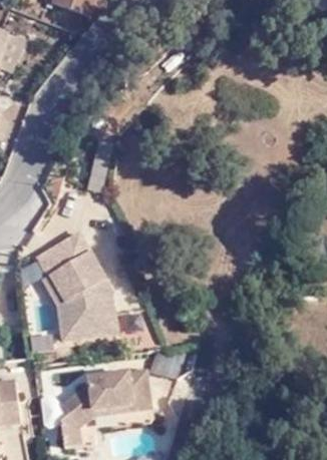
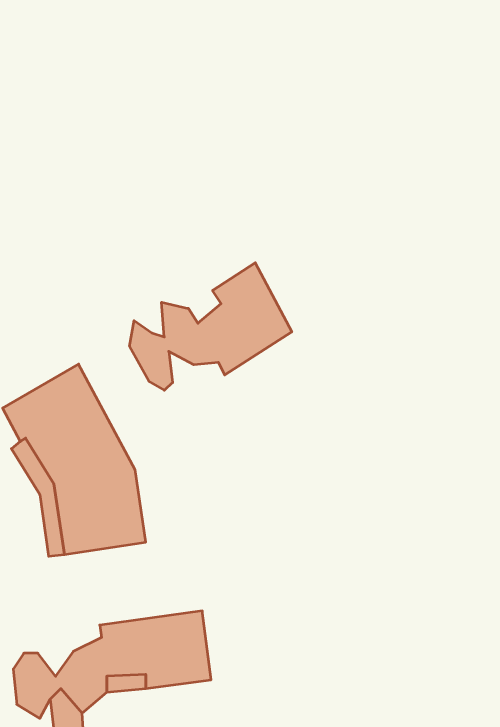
building: none -> [130,263,292,390]

